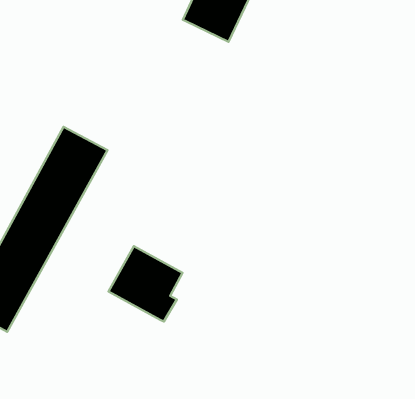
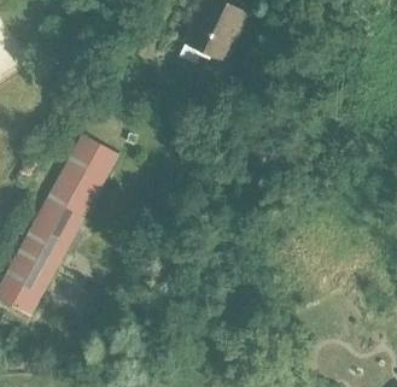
building: [108,246,182,322] -> none

